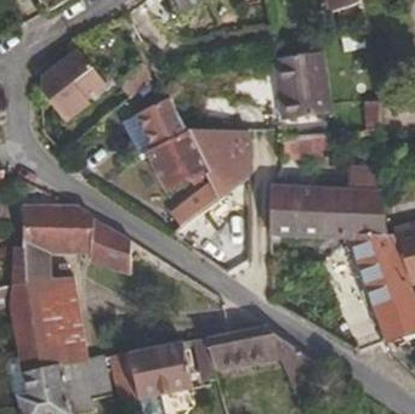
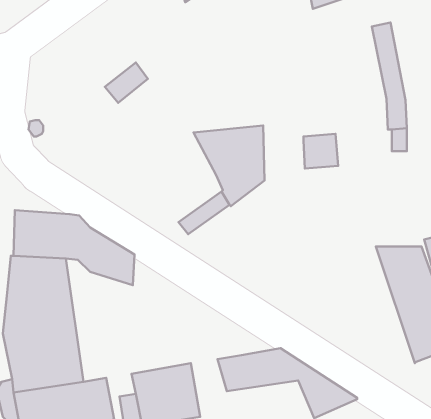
building: [41,47,98,121] -> none
building: [272,52,324,117] -> none
building: [136,97,205,188] -> none
building: [267,164,385,234] -> none

